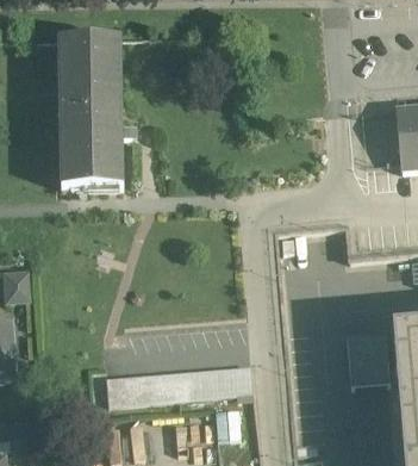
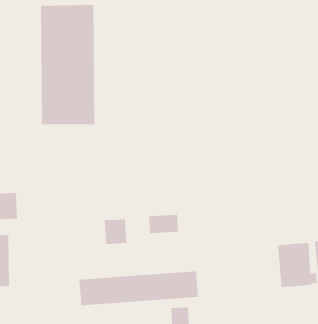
building: none -> [148,214,179,234]
building: none -> [104,218,127,245]

